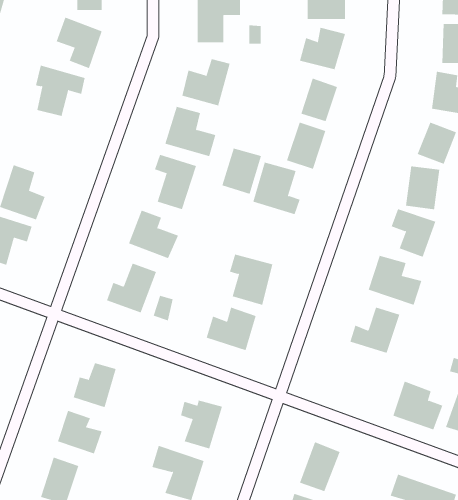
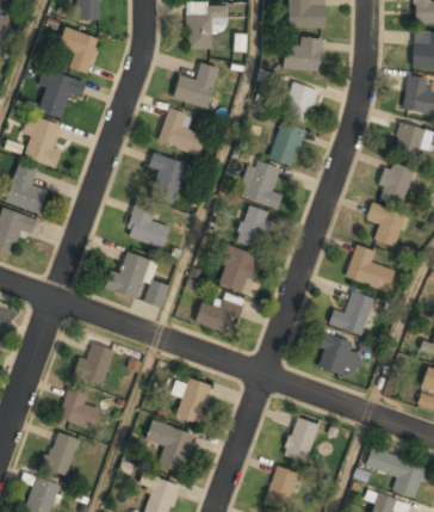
building: none -> [23,118,63,166]
building: [222,148,262,195] -> [236,206,273,249]
building: [393,381,443,430] -> [315,334,361,380]

